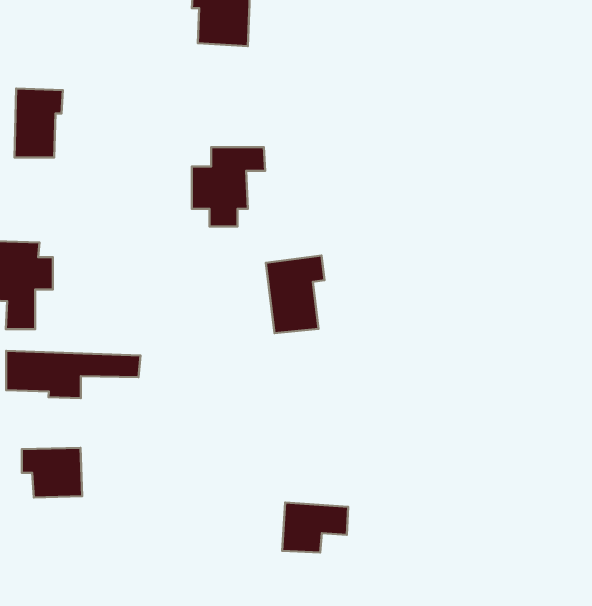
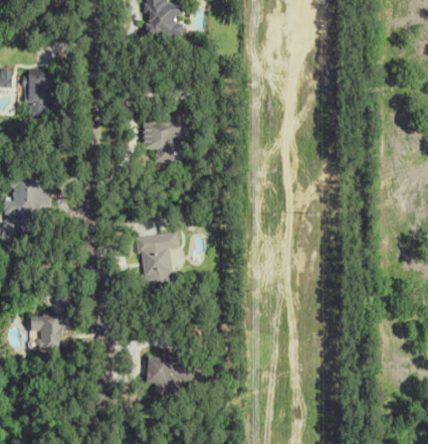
building: [266,255,324,333] -> [138,233,178,286]
building: [6,351,140,398] -> none
building: [282,503,348,552] -> [146,361,191,396]

